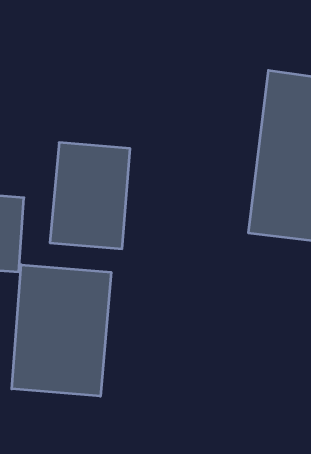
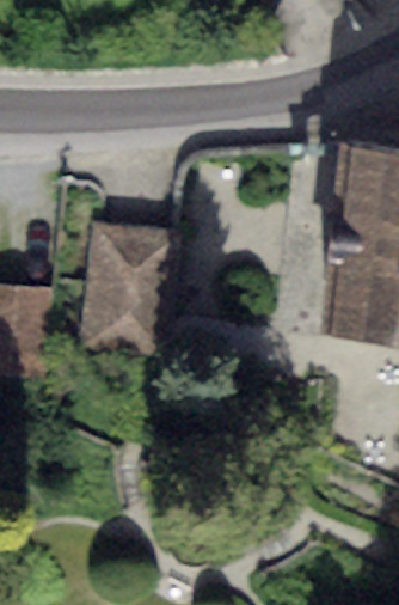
building: [12,265,111,396] -> none

